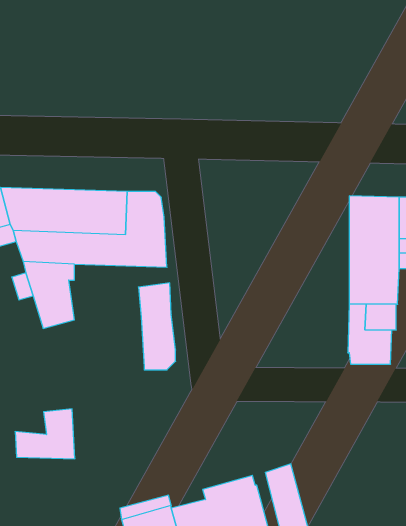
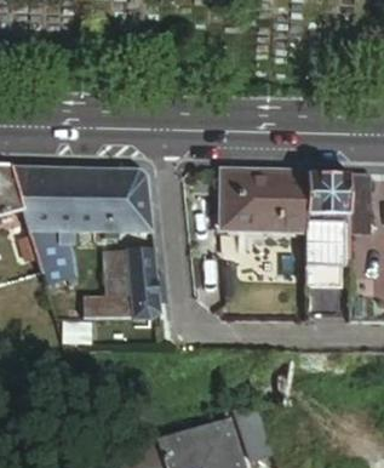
building: none -> [222,170,306,230]
building: [15,409,75,459] -> [81,275,132,318]

